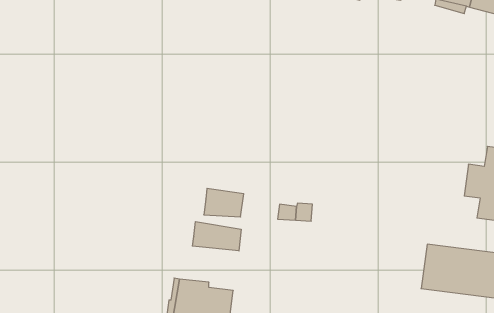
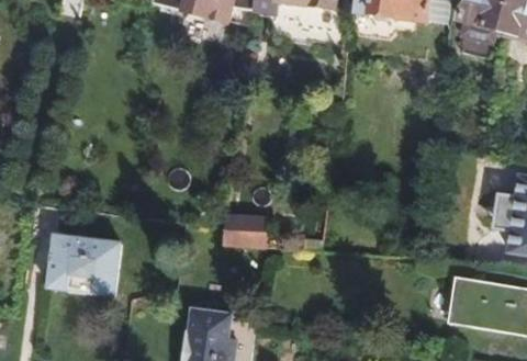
building: none -> [51,234,123,296]
building: [192,222,241,251] -> none

